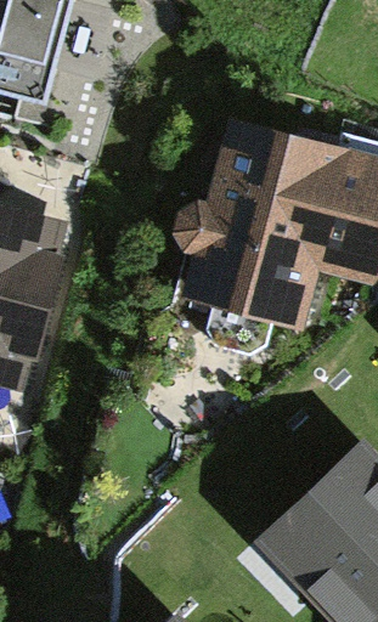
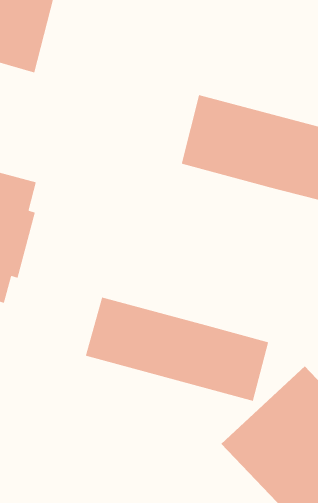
building: [179,205,315,351] -> none
building: none -> [85,297,269,402]

